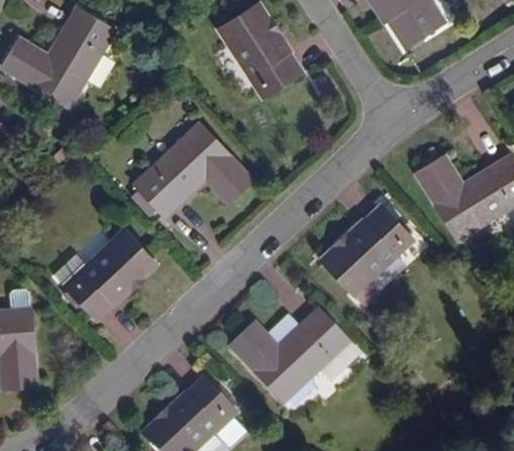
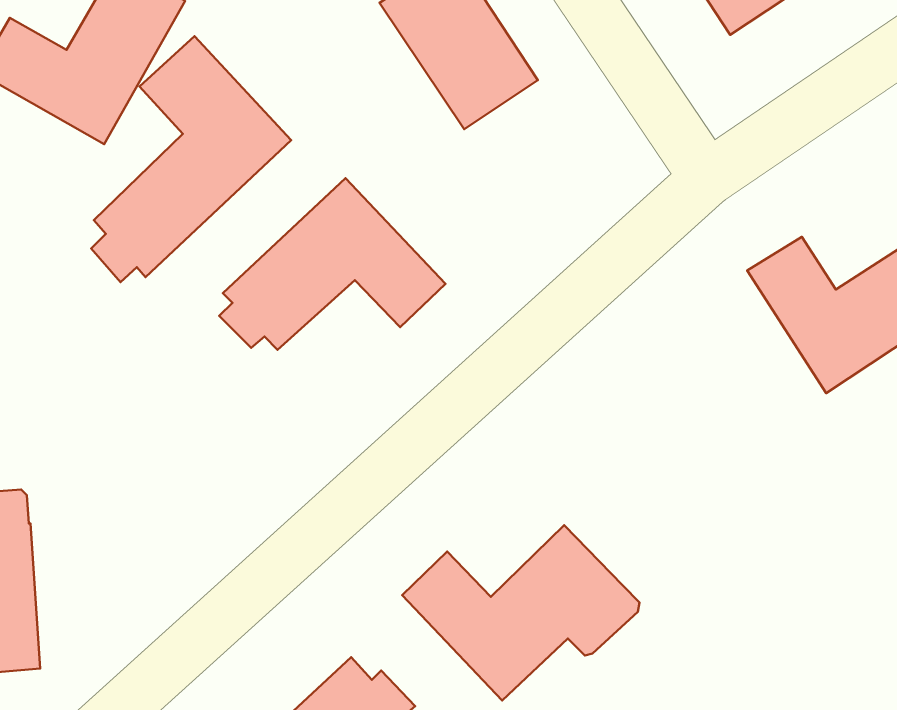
building: none -> [91,36,291,282]
building: [321,206,413,296] -> none
building: [64,229,157,320] -> none

